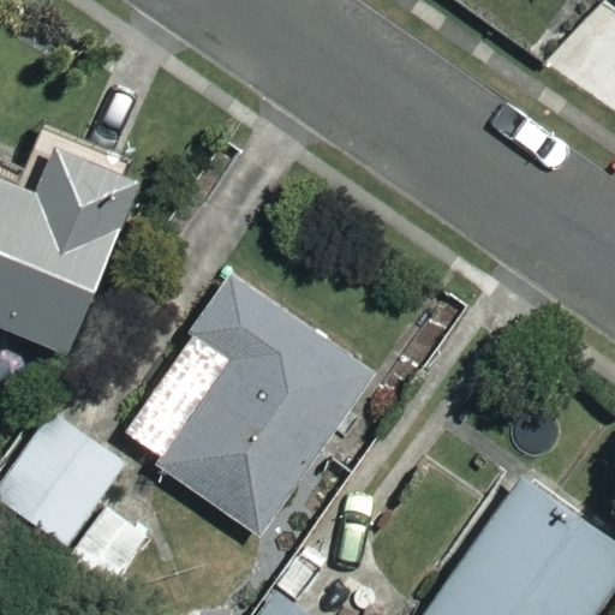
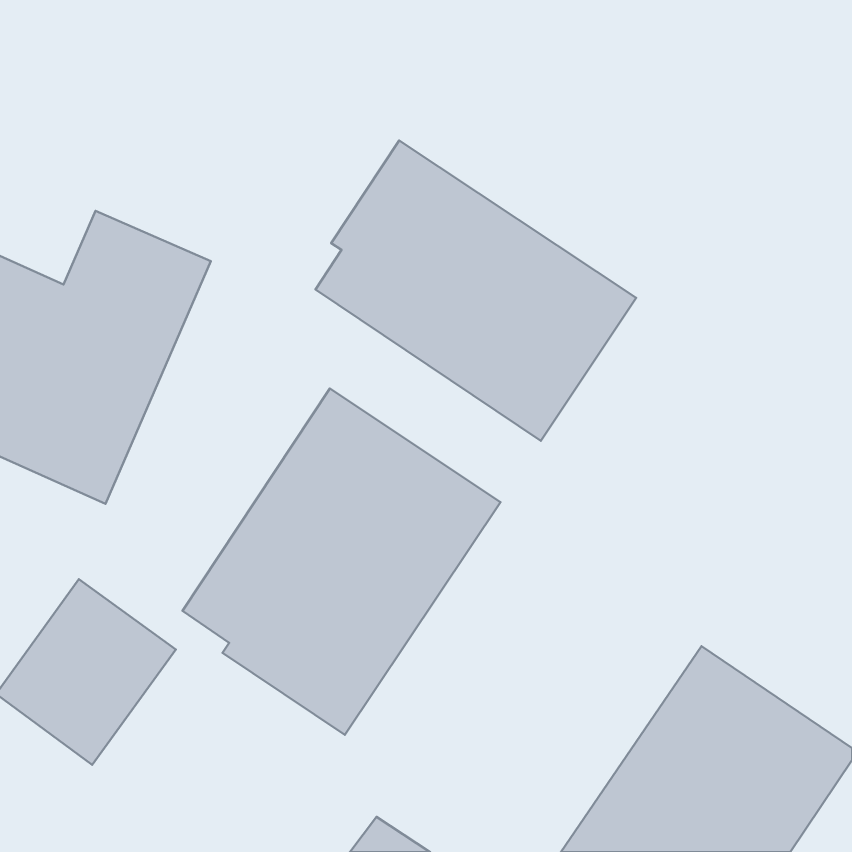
building: none -> [316,140,636,441]

